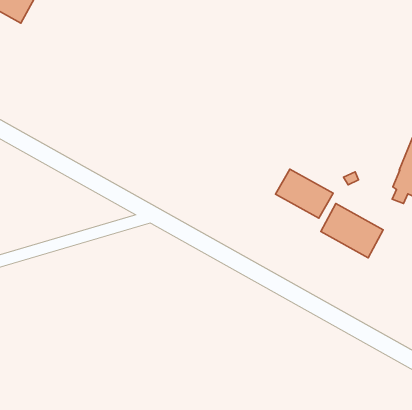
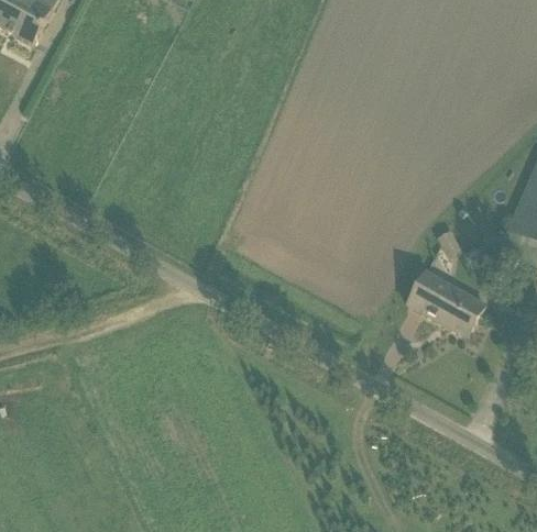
building: [275,169,333,218] -> none

